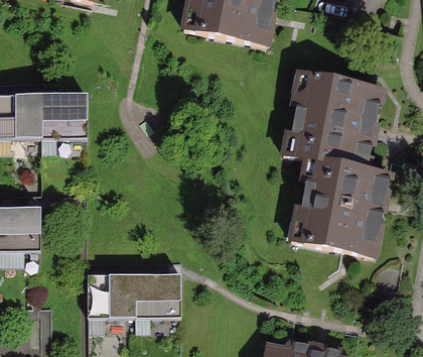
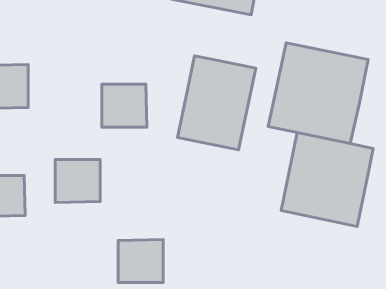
building: none -> [178,56,256,150]
building: [42,95,88,138] -> [102,84,147,127]
building: [88,272,133,316] -> [55,160,100,202]

